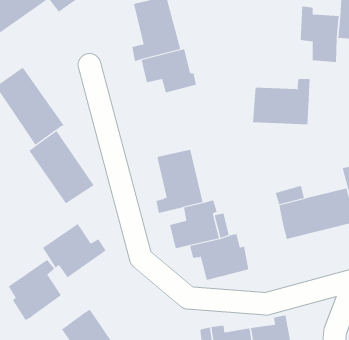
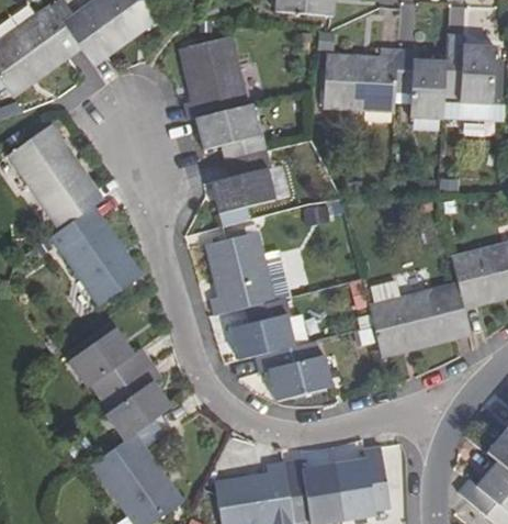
building: [252,79,311,125] -> [326,49,400,109]
building: none -> [211,150,274,215]
building: [8,259,62,321] -> [101,363,170,442]

